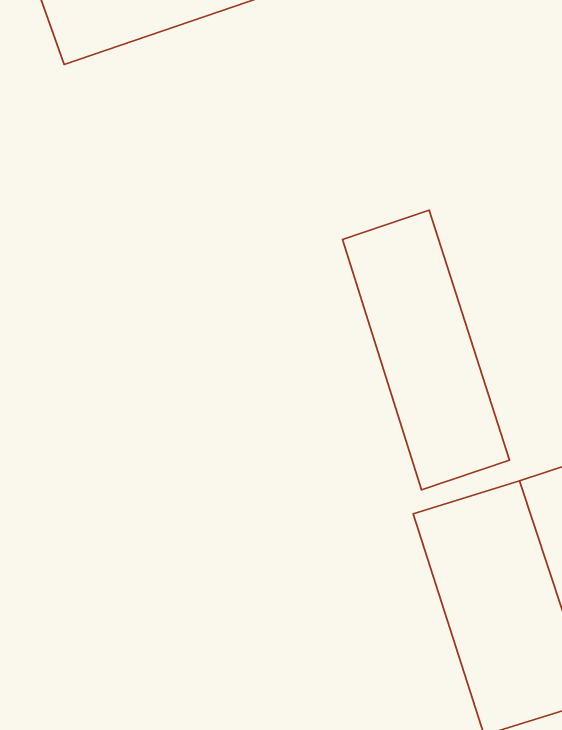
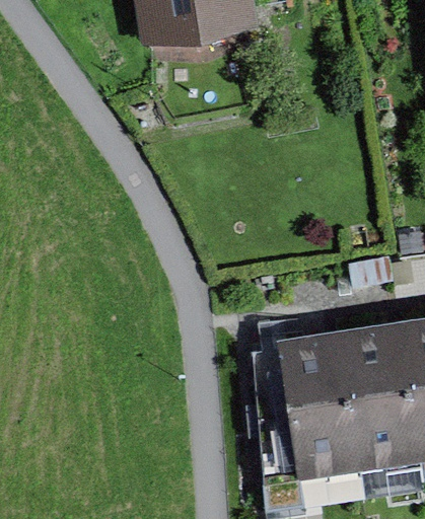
building: [343,210,510,490] -> none

